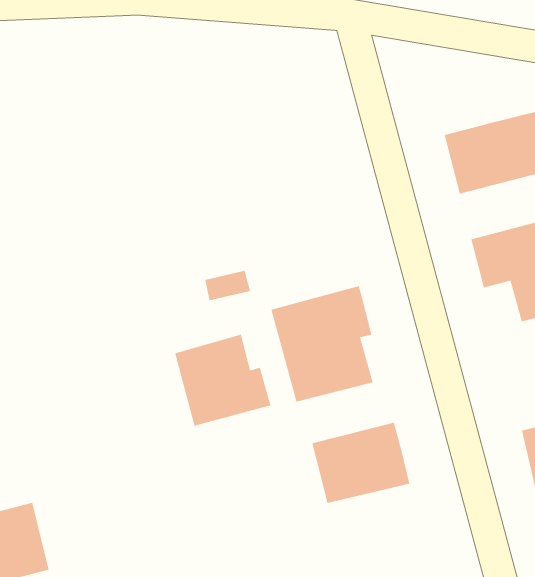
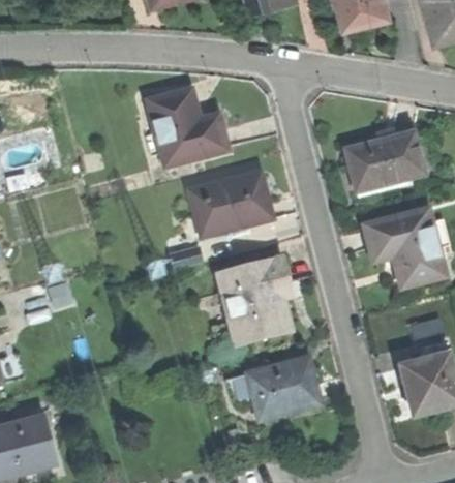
building: none -> [145,88,228,164]
building: none -> [189,174,271,238]
building: [174,334,271,427] -> none

